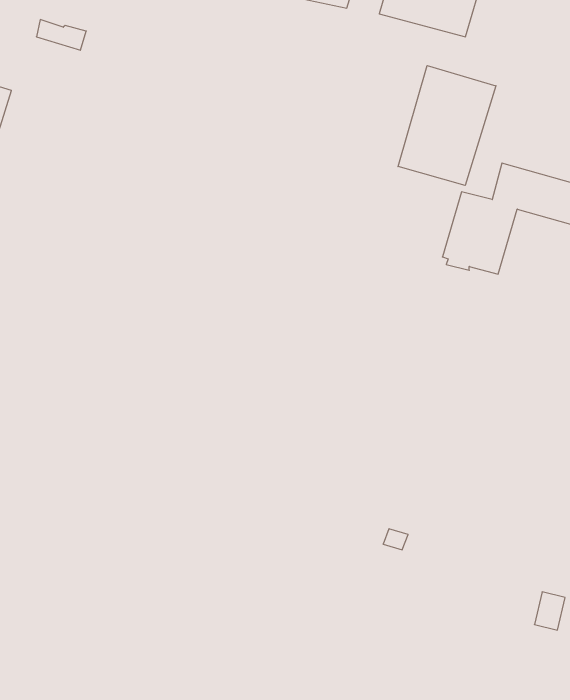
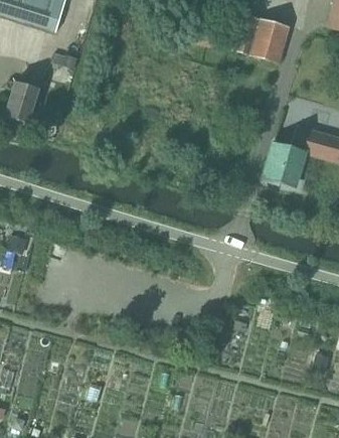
building: [398,66,496,185] -> none

